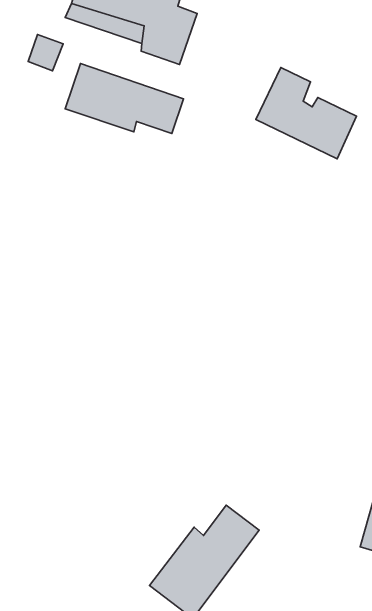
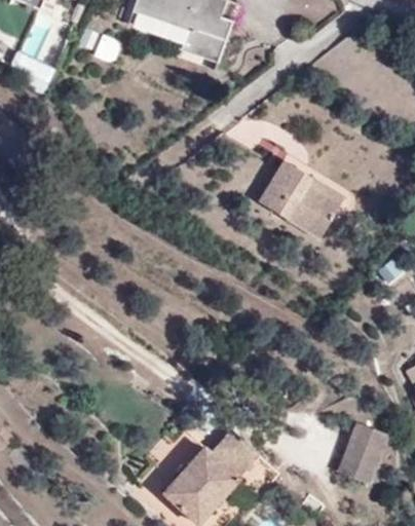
building: [65,63,184,133] -> none
building: [256,68,357,159] -> [258,159,341,237]

